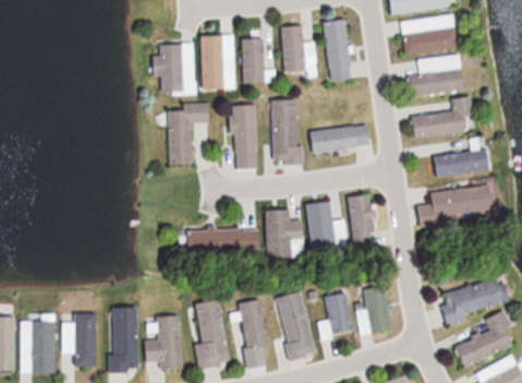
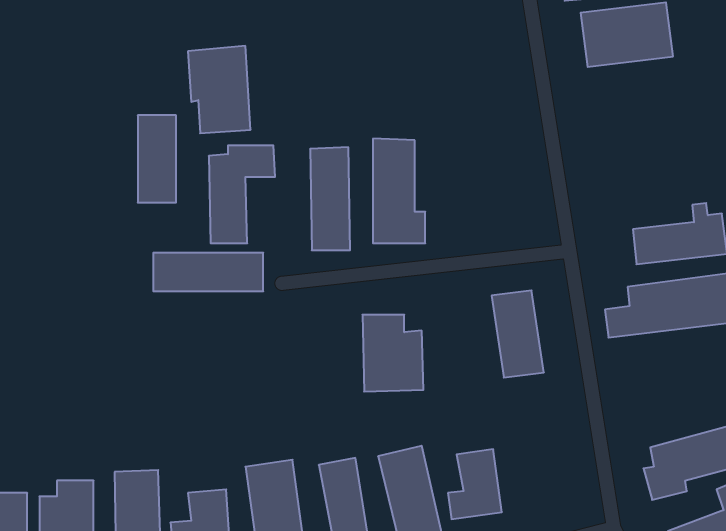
building: [325,19,353,81] -> none
building: [281,25,306,74] -> none
building: [201,36,224,91] -> [138,115,176,203]
building: [242,38,266,83] -> none
building: [408,55,466,97] -> none
building: [412,96,476,139] -> none
building: [309,125,371,152] -> none
building: [306,201,337,253] -> none
building: [189,229,257,253] -> [153,253,263,291]
building: [356,286,392,335] -> none

